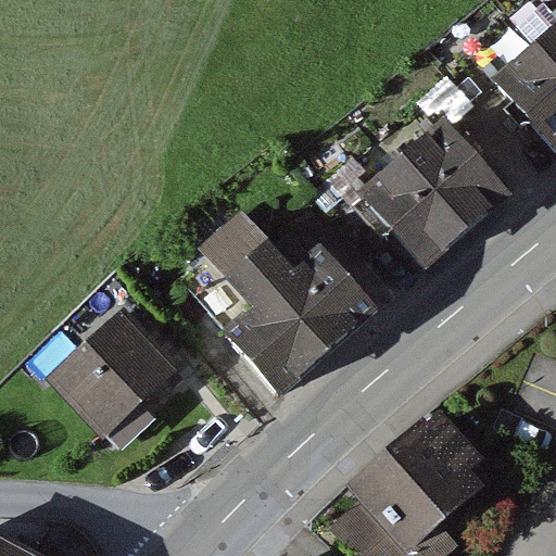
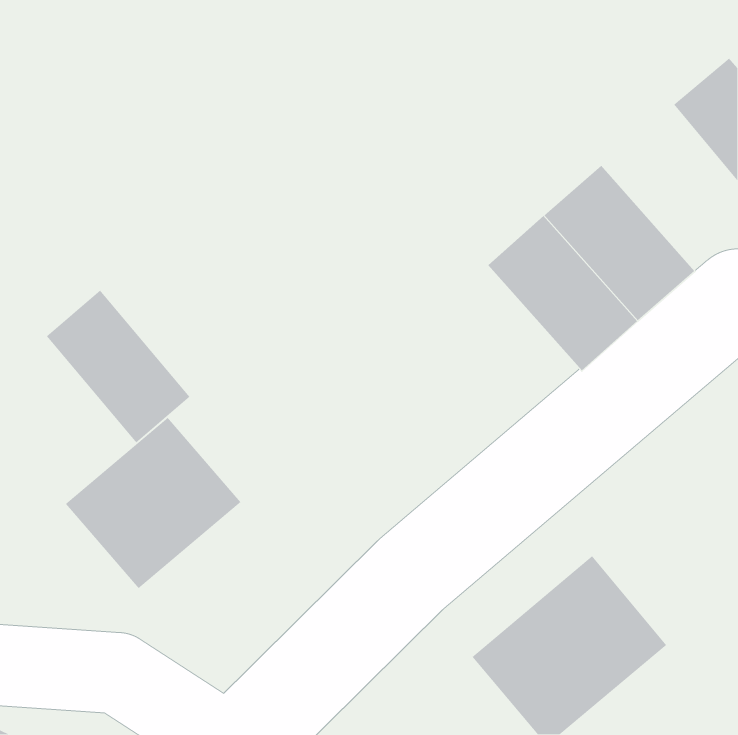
building: [197,201,376,394] -> none
building: none -> [46,289,191,443]

